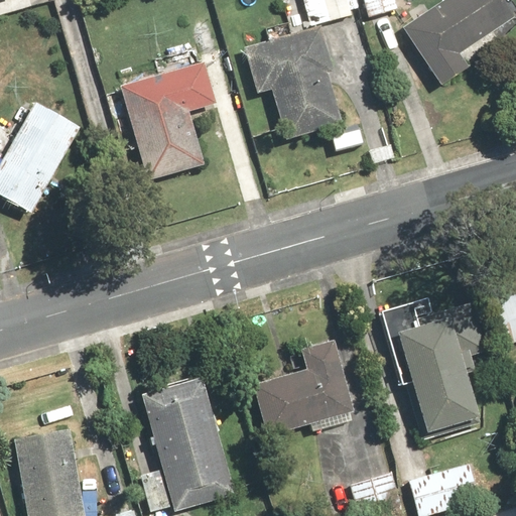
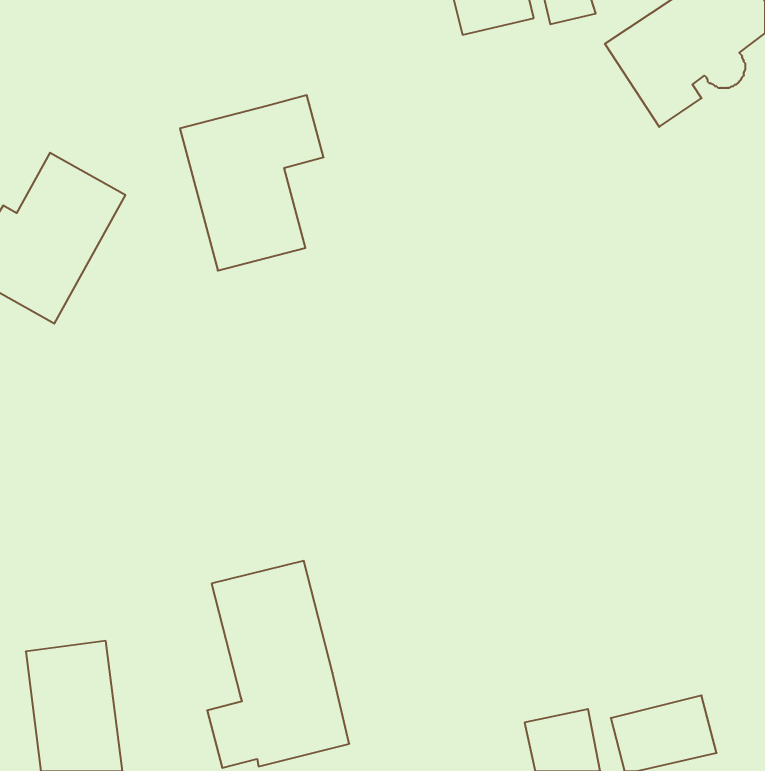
building: [241,28,343,135] -> none
building: [401,298,488,433] -> none
building: [251,334,353,434] -> none

